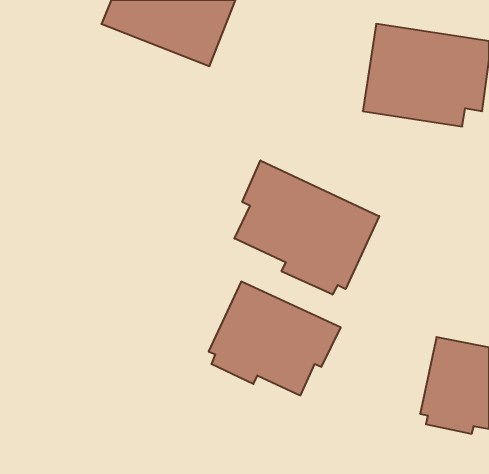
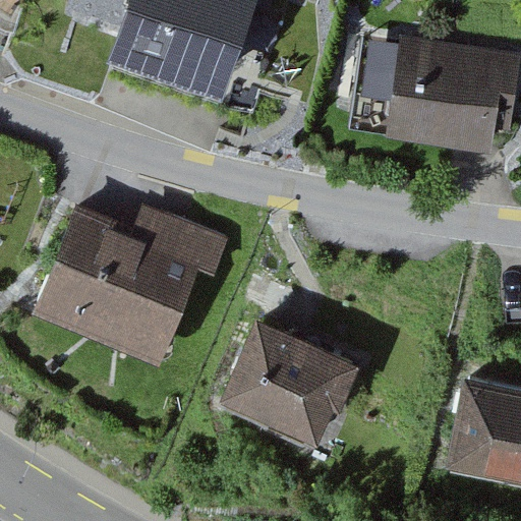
building: [234,160,379,295] -> none
building: none -> [34,207,230,363]

